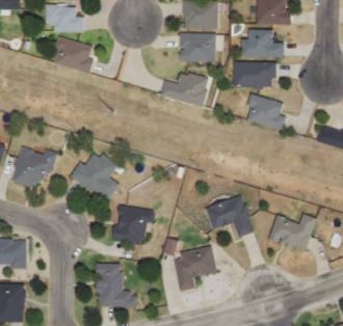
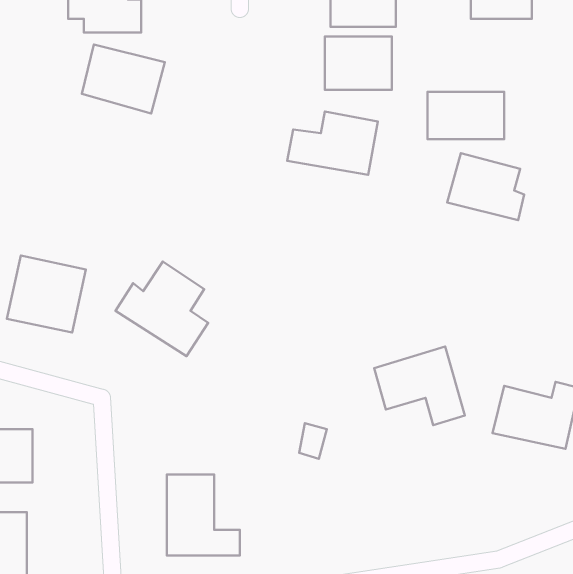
building: [241,29,284,58] -> none
building: [114,207,154,245] -> none
building: [174,247,215,291] -> none

